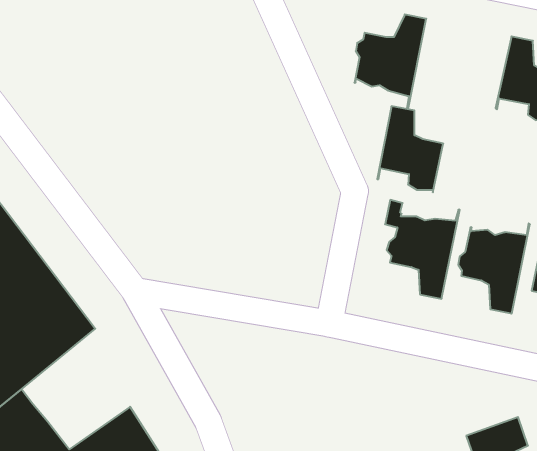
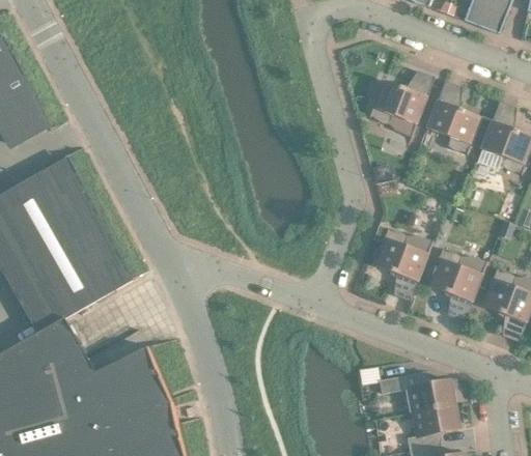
building: [377,106,443,192] -> [423,81,480,154]
building: none -> [379,371,462,412]

